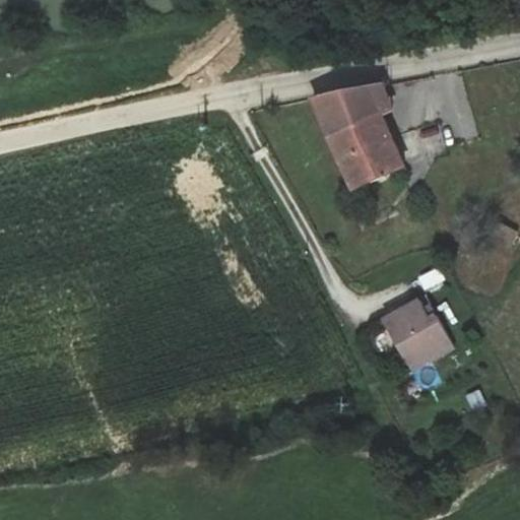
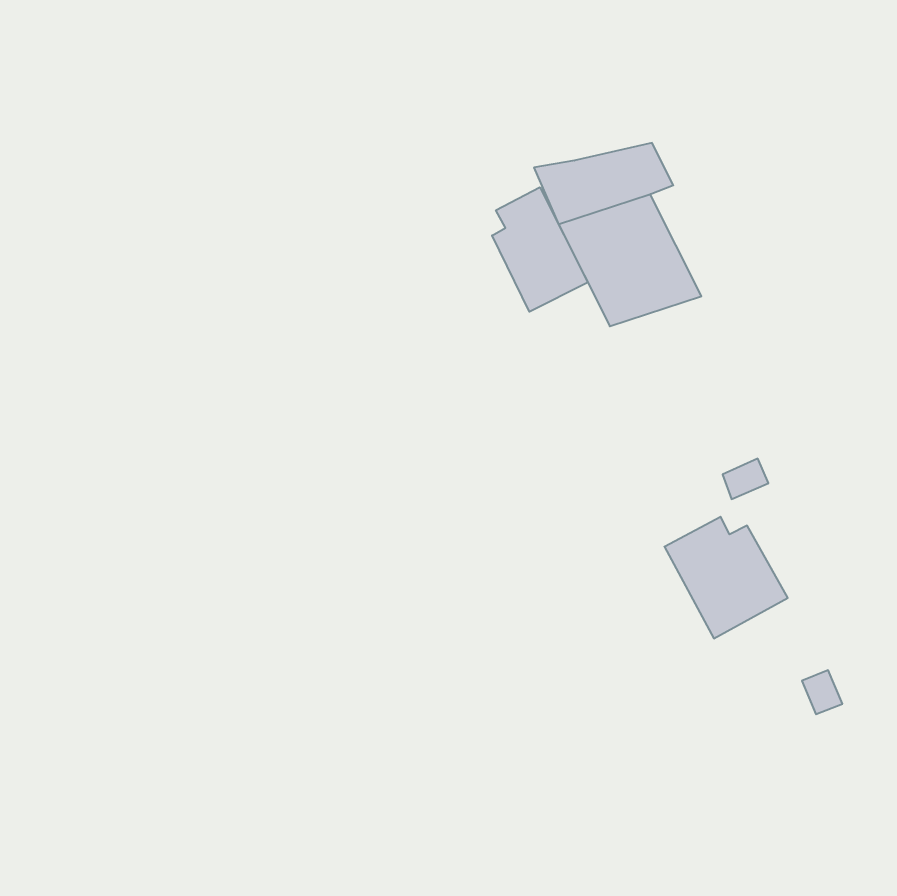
building: none -> [492,187,588,312]

